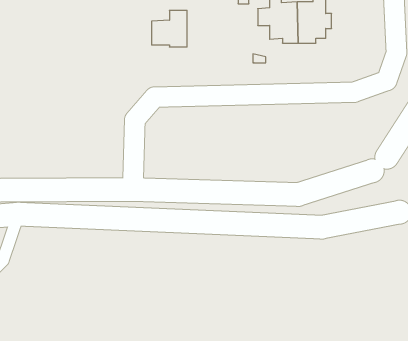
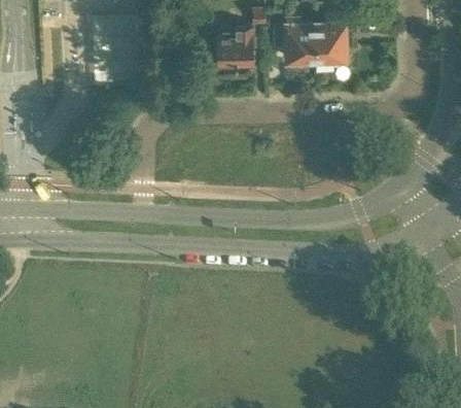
building: [152,10,187,47] -> [216,29,253,67]

